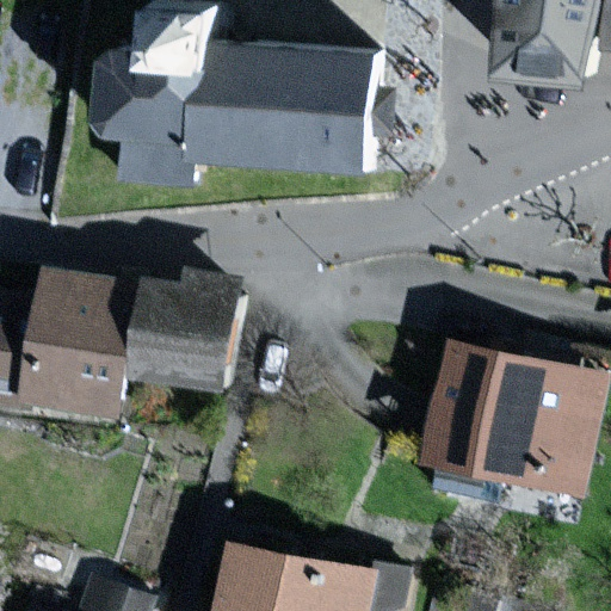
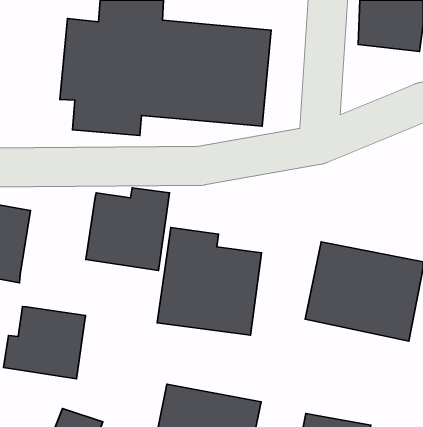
building: [29,270,135,407] -> none
building: none -> [157,227,261,335]
building: none -> [3,307,85,379]

